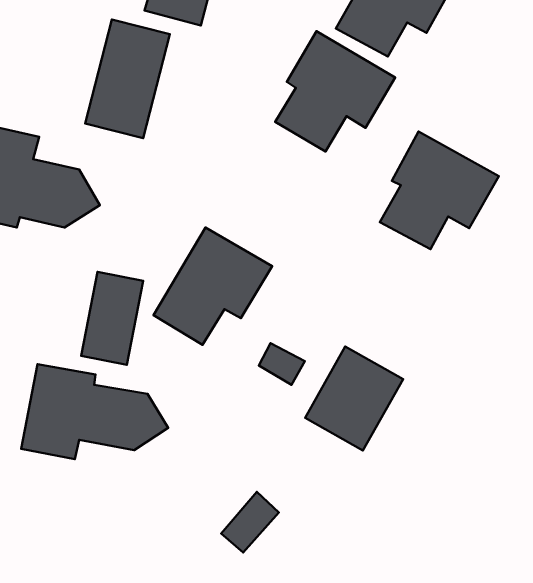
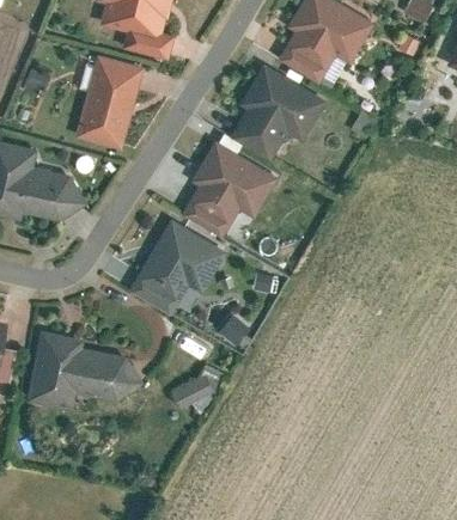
building: [380,132,499,249] -> [183,142,279,237]
building: [81,272,143,365] -> none
building: [305,346,403,450] -> none
building: [221,492,279,553] -> [175,361,221,410]

